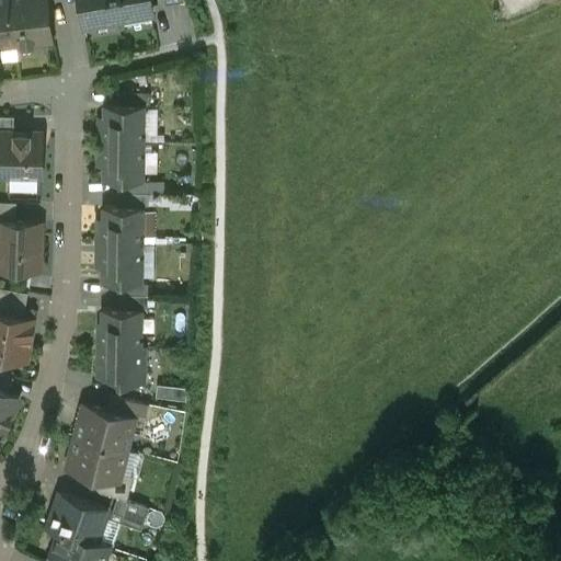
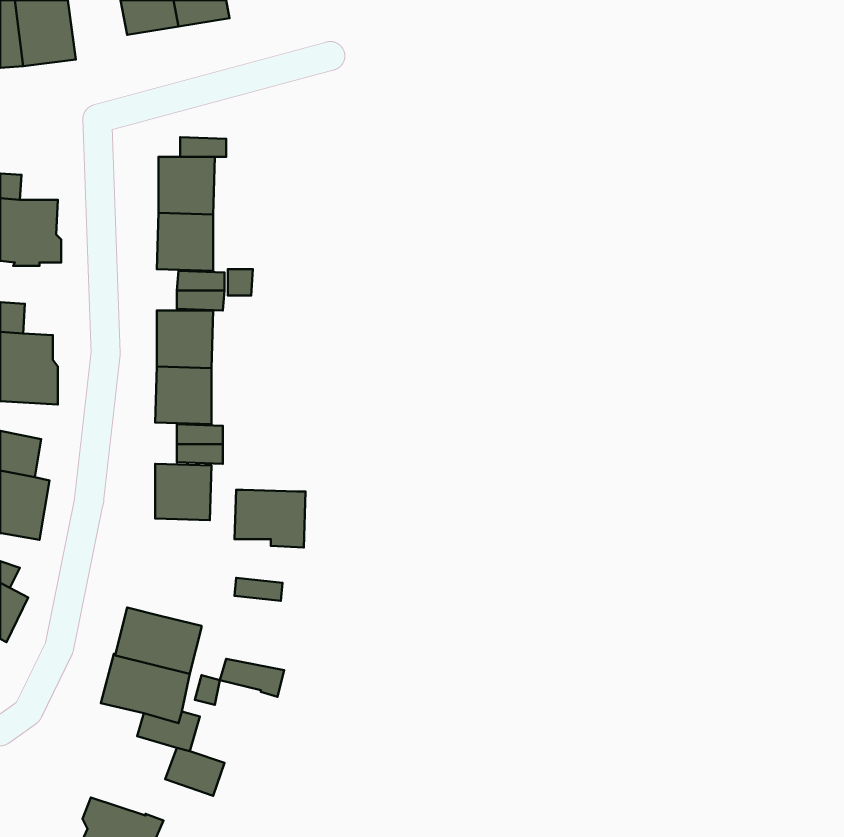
building: [98,348,145,387] -> [234,490,305,548]
building: [106,399,149,424] -> [220,659,284,697]
building: [48,495,107,546] -> none

